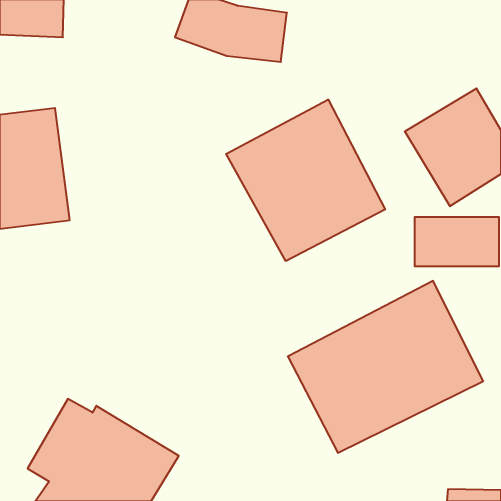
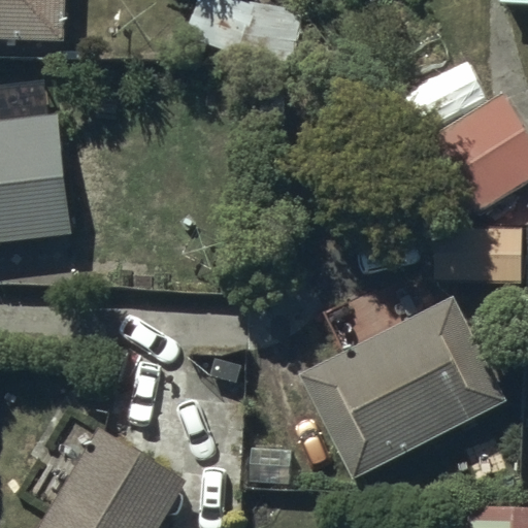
building: [226,99,385,261] -> none

